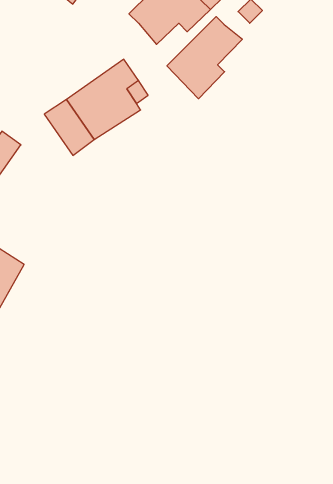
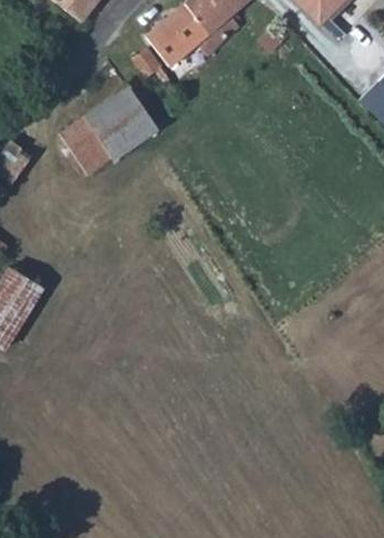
building: [167,17,242,99] -> none

